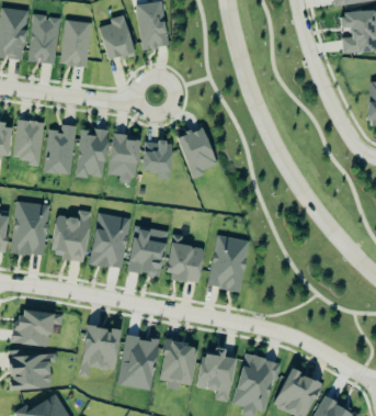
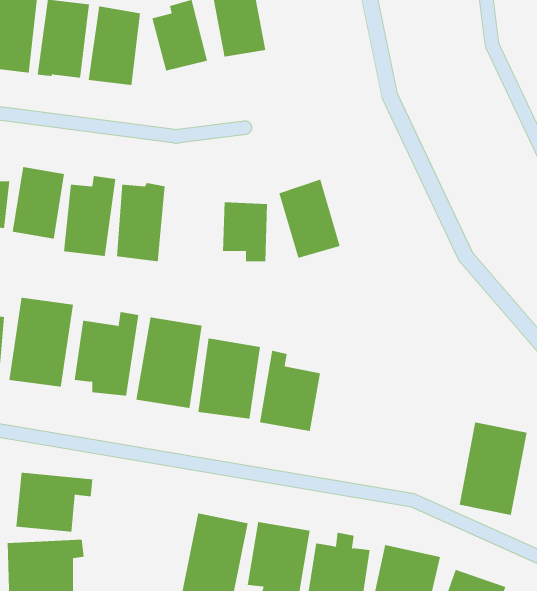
building: [109,133,139,183] -> none
building: [207,234,250,292] -> [459,422,528,515]
building: [80,325,119,375] -> none

